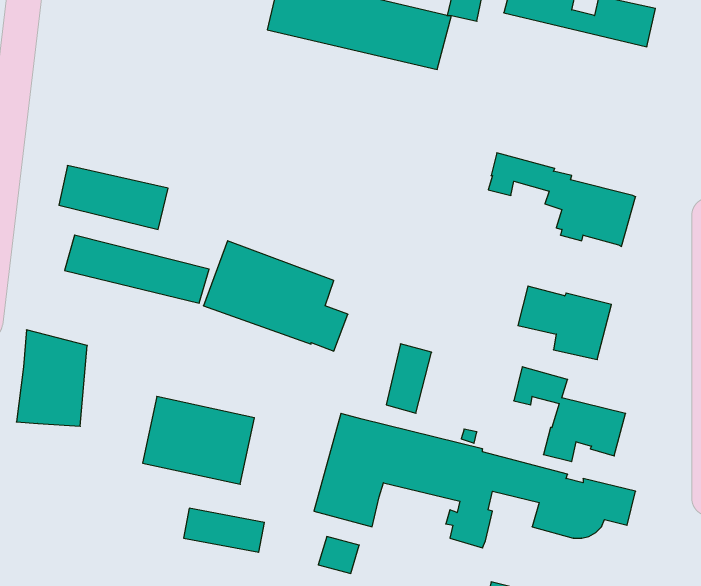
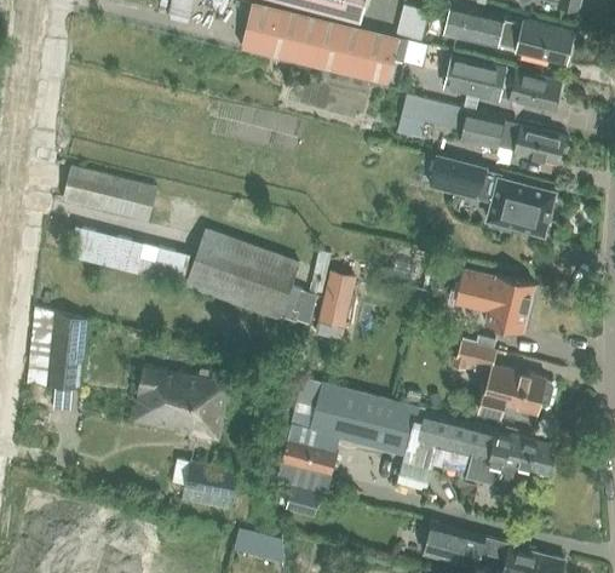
building: none -> [446,57,561,111]
building: none -> [403,97,565,165]
building: [386,344,432,413] -> [317,270,356,330]

